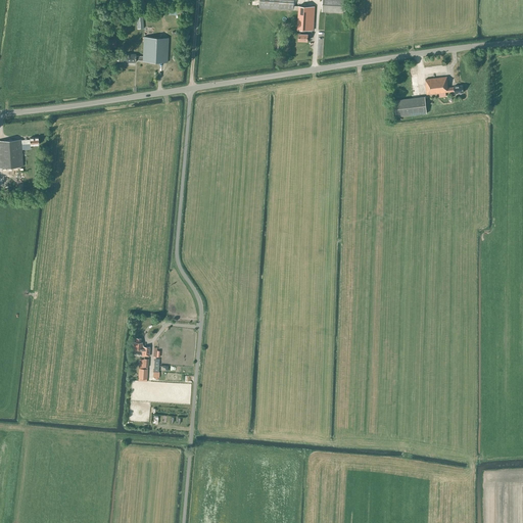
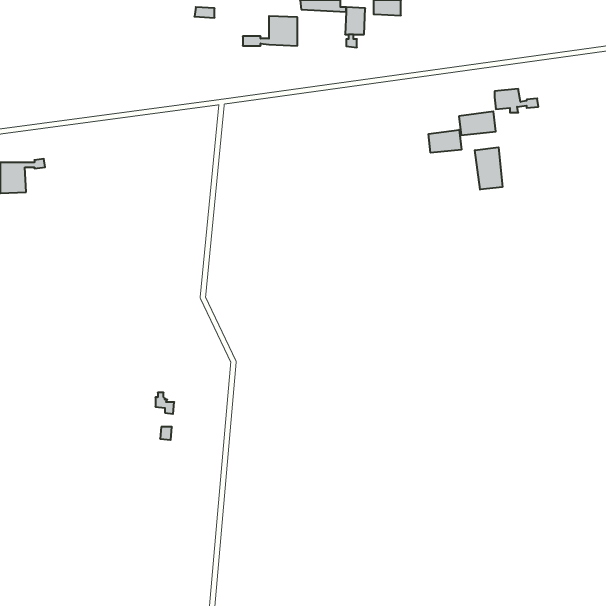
building: [121,37,168,62] -> [243,16,297,46]
building: none -> [429,130,461,153]
building: none -> [475,147,502,190]

